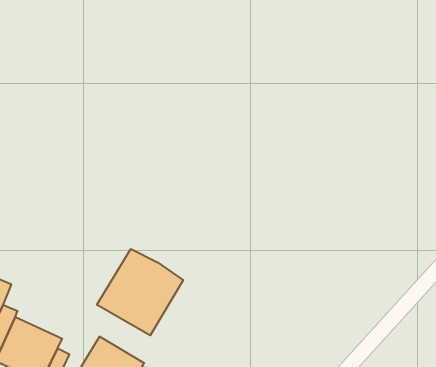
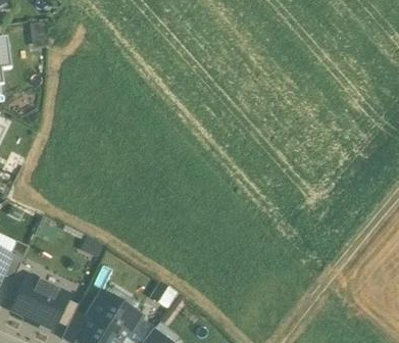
building: [97,249,183,335] -> none

